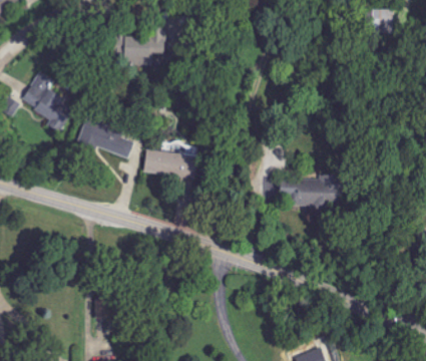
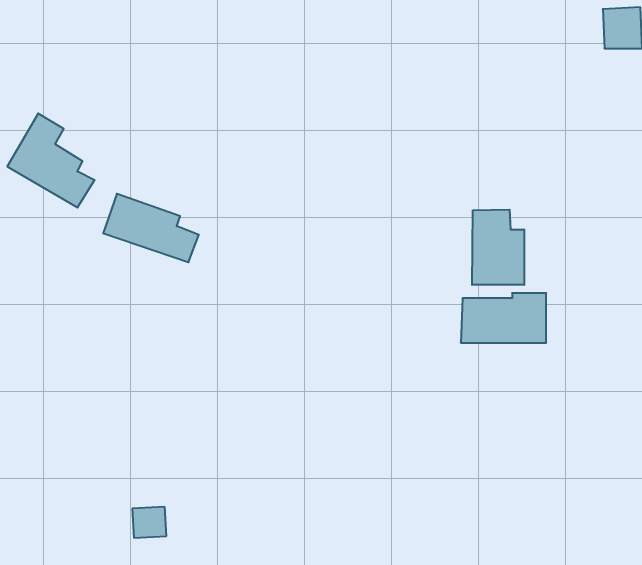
building: [123,27,164,64] -> none
building: none -> [472,210,524,285]
building: [143,149,196,176] -> none

